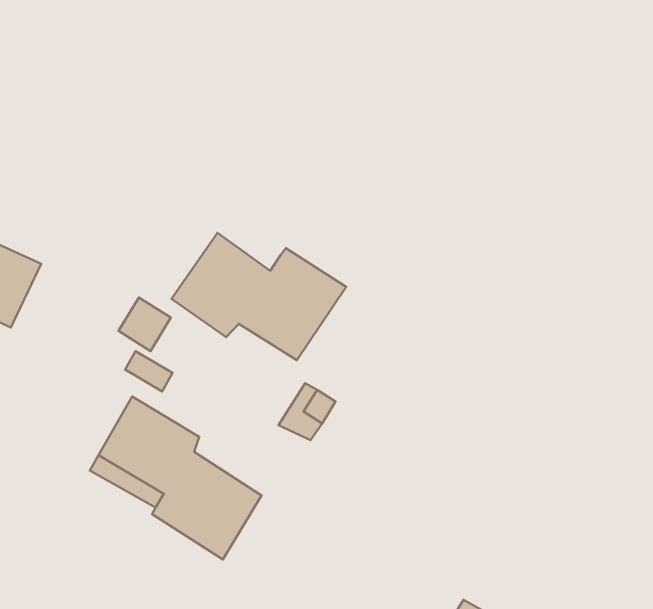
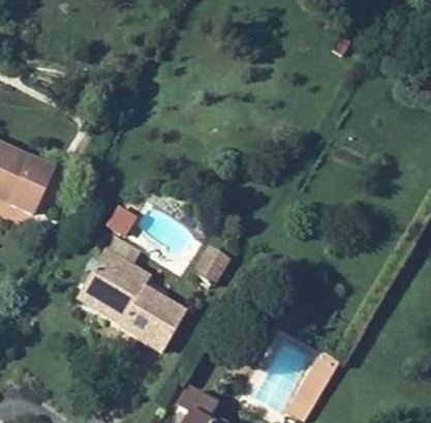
building: [171,233,346,360] -> none

